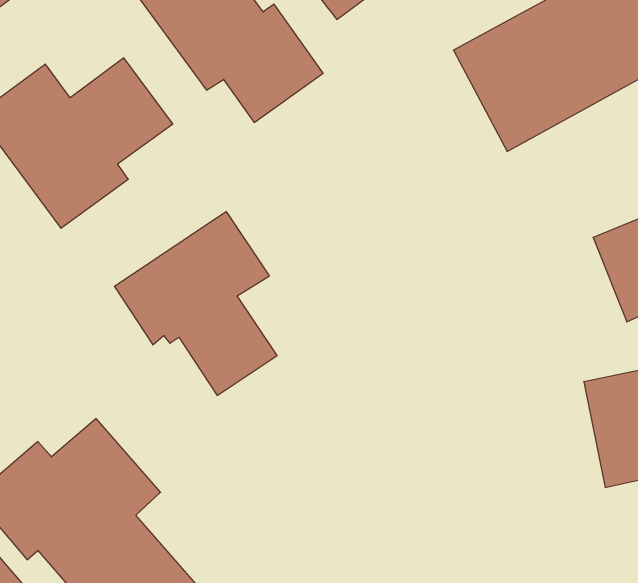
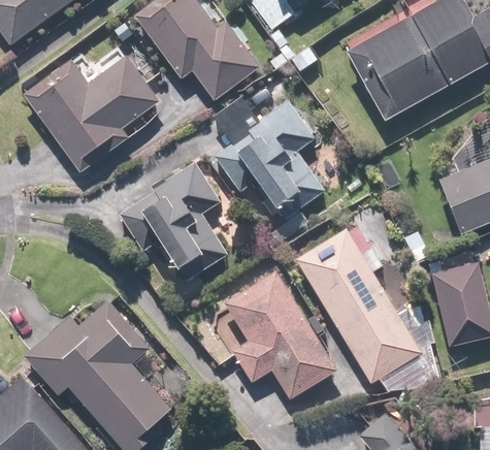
building: none -> [213,100,325,224]
building: none -> [295,221,423,384]
building: none -> [226,271,337,398]

